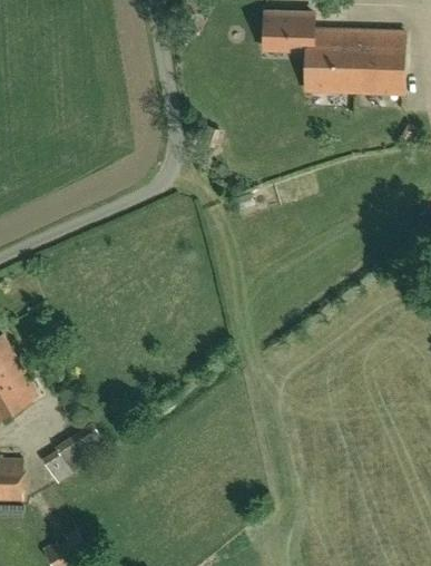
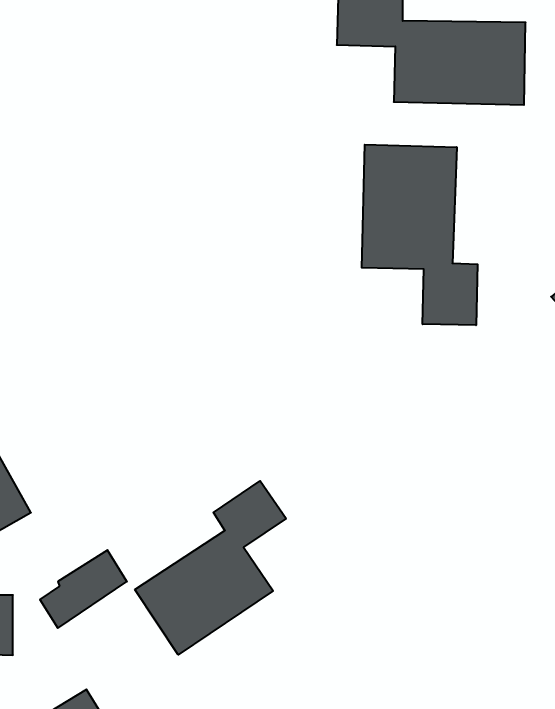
building: none -> [362,145,478,325]
building: none -> [135,481,286,655]

